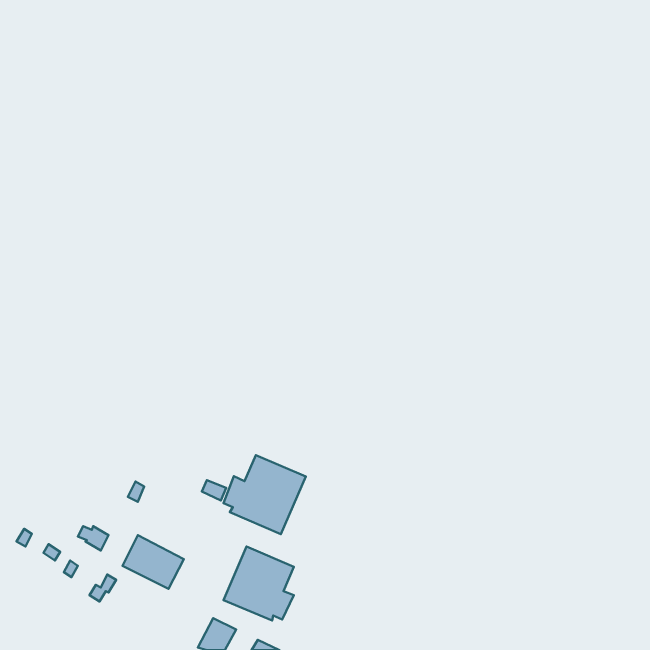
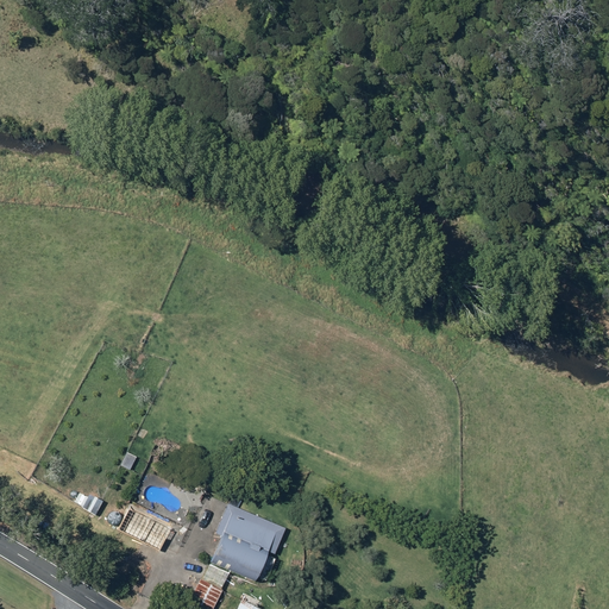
building: [224,455,306,534] -> none

